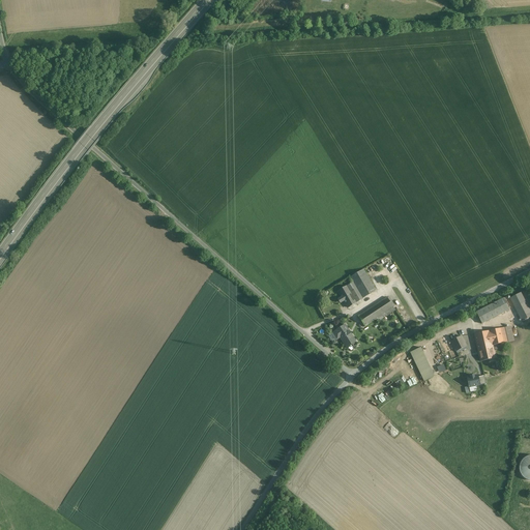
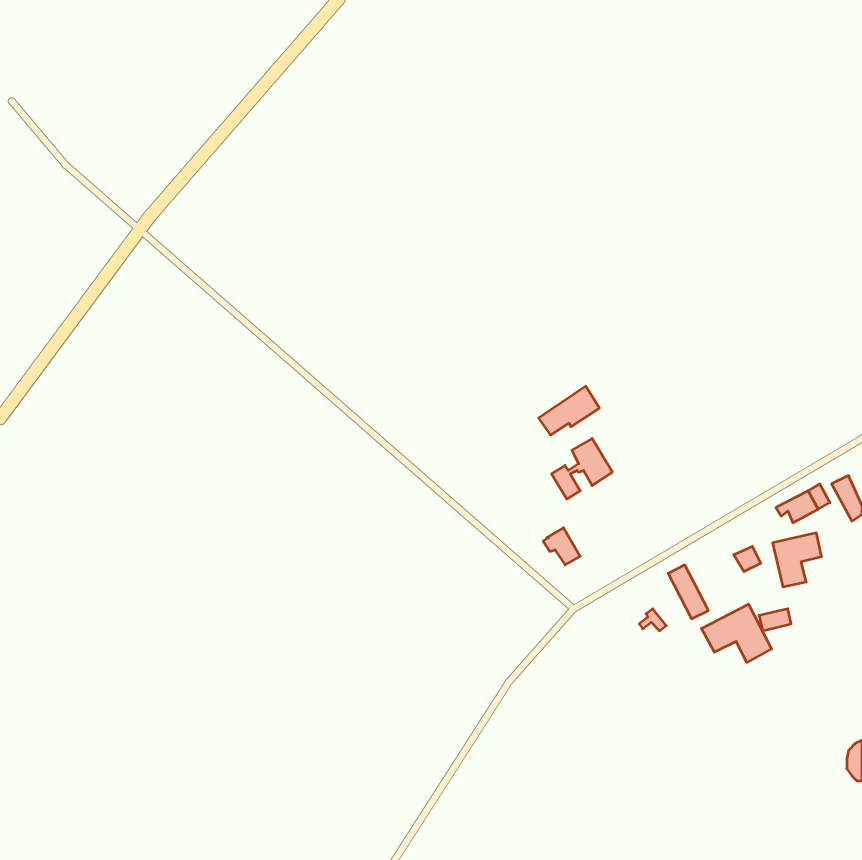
building: [358,296,395,326] -> [539,386,599,435]
building: none -> [701,604,772,662]

